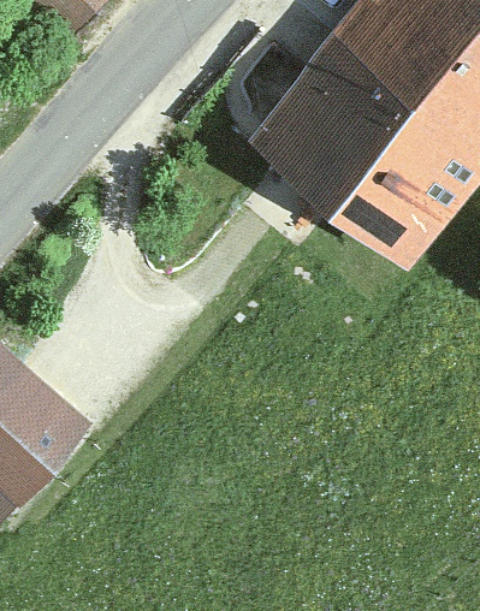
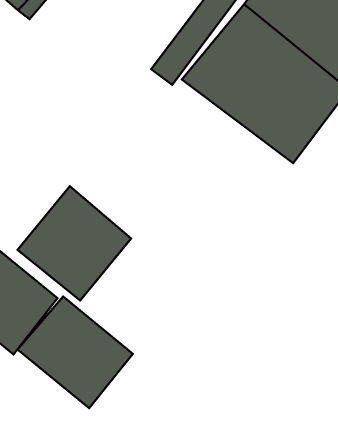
building: none -> [18,186,131,300]
building: none -> [18,296,133,408]

